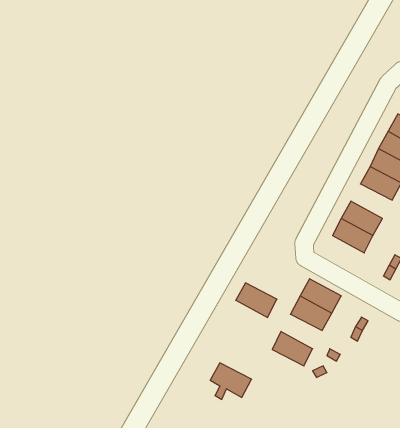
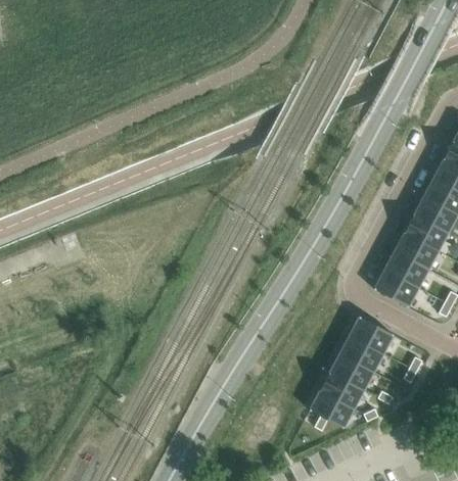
building: none -> [404,214,448,251]
building: none -> [374,270,418,306]
building: [236,283,277,317] -> [329,353,373,390]
building: [210,363,252,399] -> [310,391,354,430]

